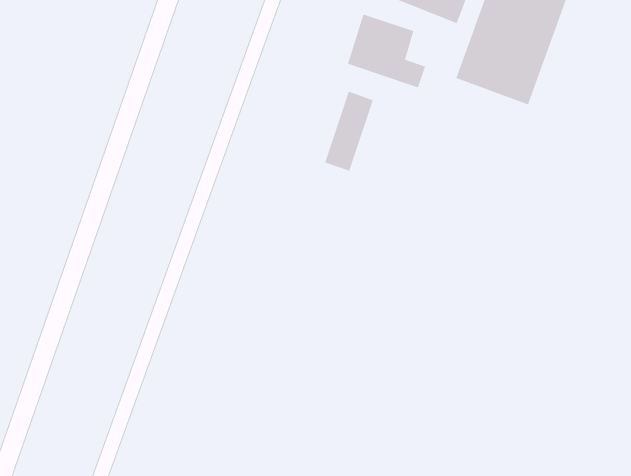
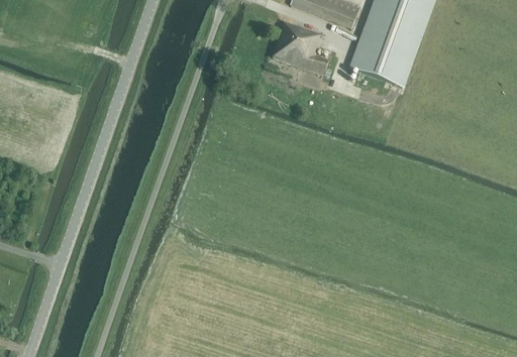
building: [325,91,373,172] -> none

